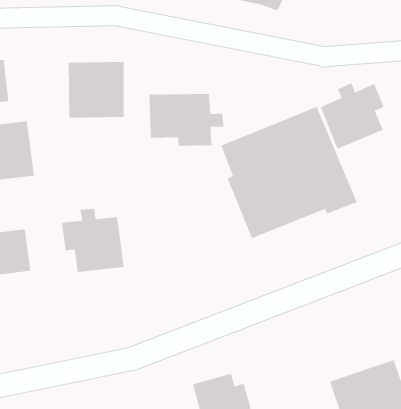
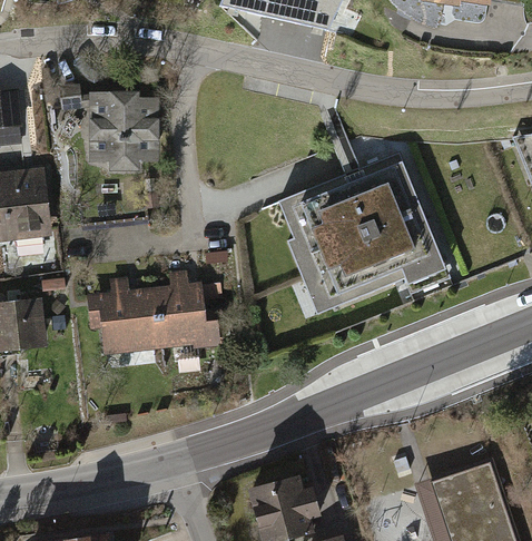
building: [320,82,384,150] -> none
building: [149,93,224,146] -> none
building: none -> [154,268,220,347]

